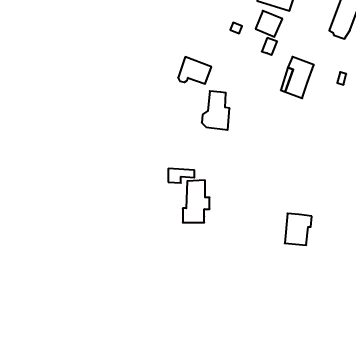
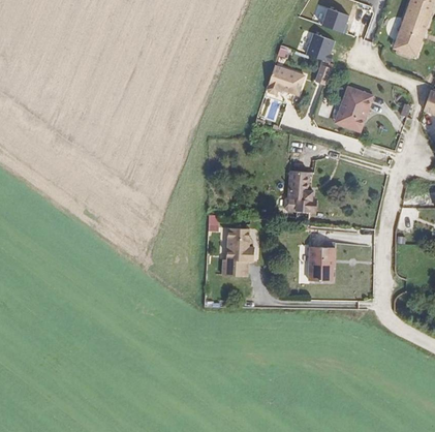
building: [178,57,211,84] -> [266,64,304,95]
building: [202,91,230,130] -> [282,169,314,214]
building: [285,213,312,245] -> [305,246,336,282]

